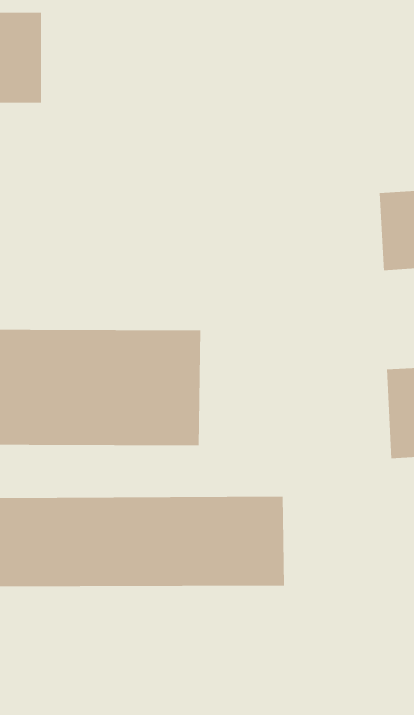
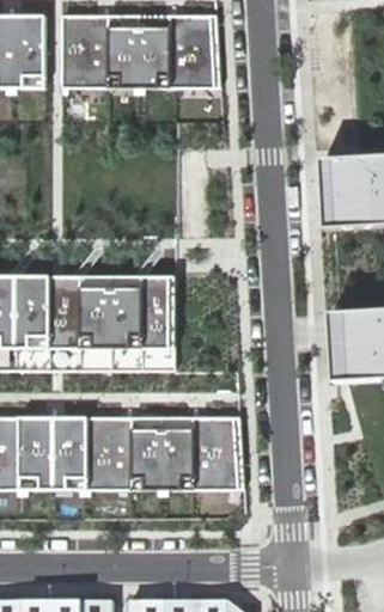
building: none -> [60,14,221,88]

